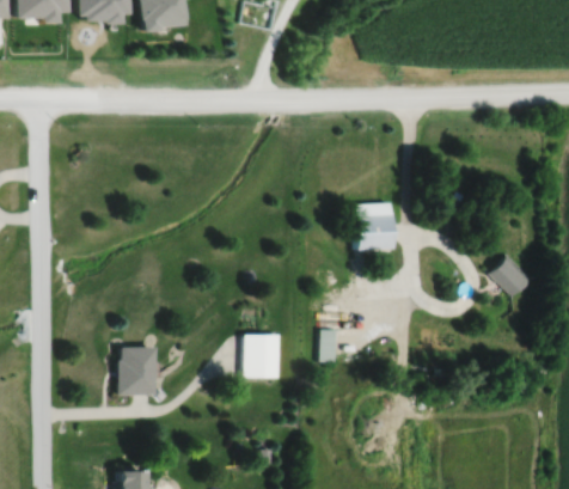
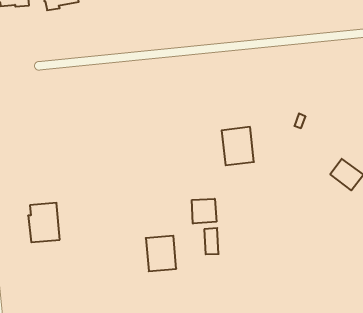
building: none -> [192,199,216,224]
building: [118,348,157,396] -> [28,203,60,242]

